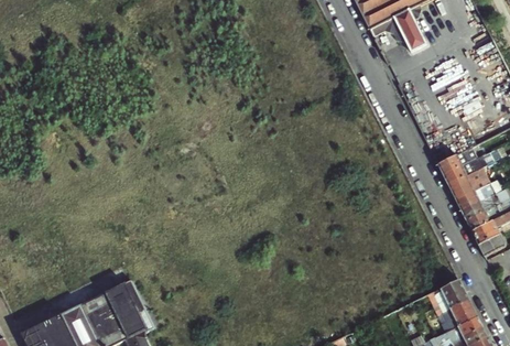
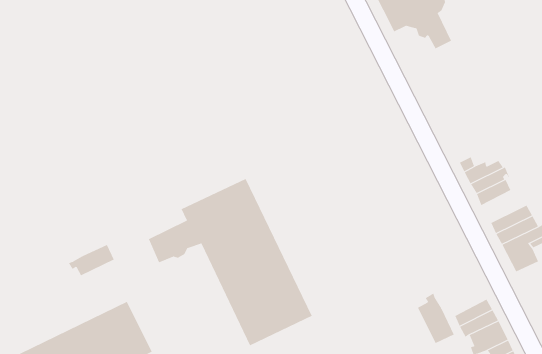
building: none -> [148,178,313,346]
building: [453,181,488,210] -> none
building: none -> [68,244,114,276]
building: none -> [417,292,455,344]

